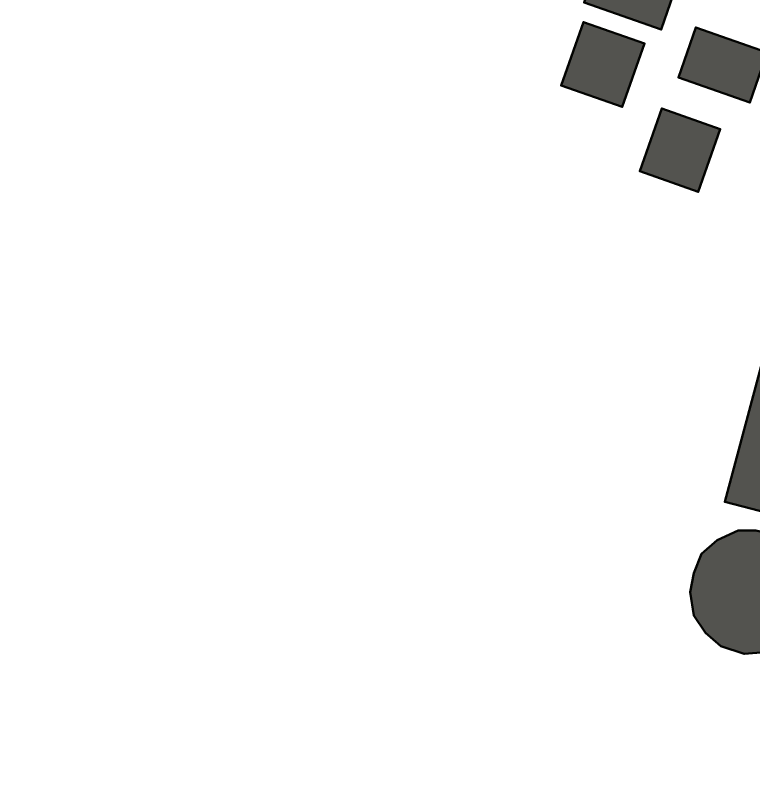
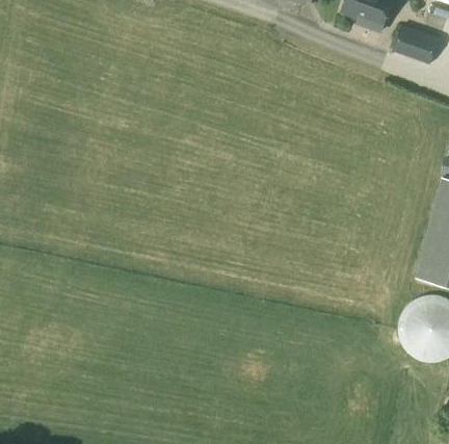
building: [561,22,645,107] -> none
building: [640,108,720,192] -> none

